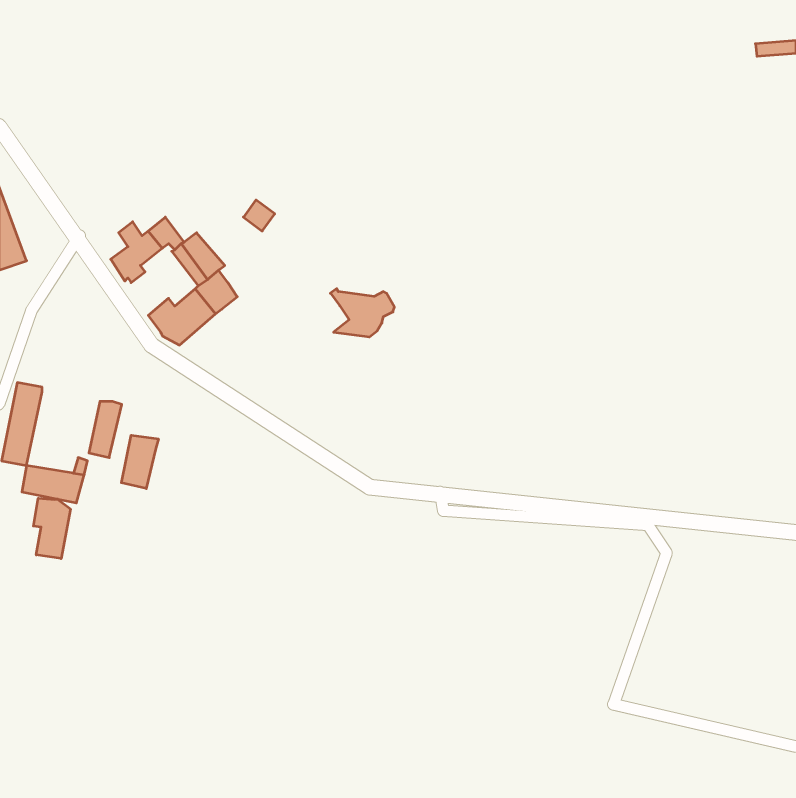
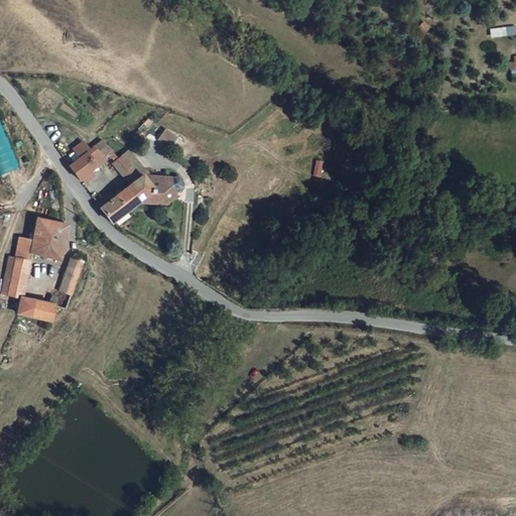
building: [330,289,394,337] -> [141,171,182,203]
building: none -> [27,217,62,257]
building: [121,435,158,489] -> none
building: [33,498,70,559] -> none

